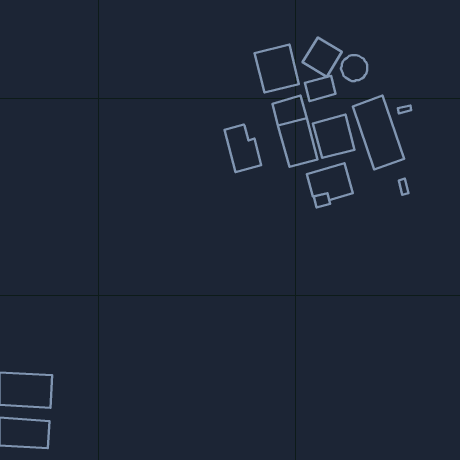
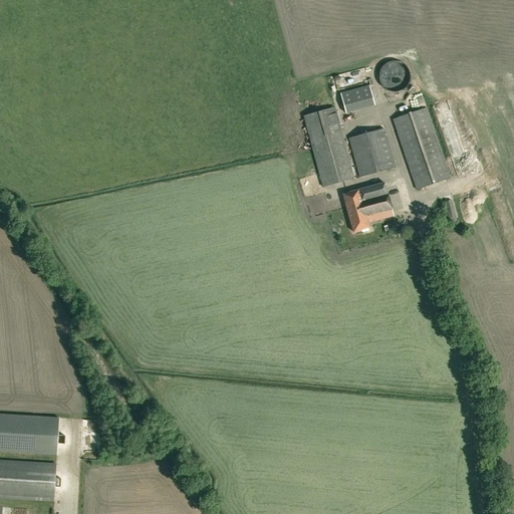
building: [302,37,342,77] -> none
building: [254,45,299,93] -> none
building: [224,125,261,172] -> none

